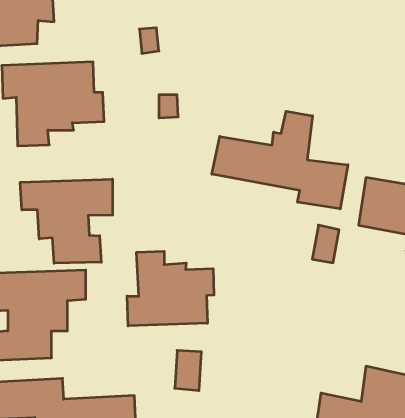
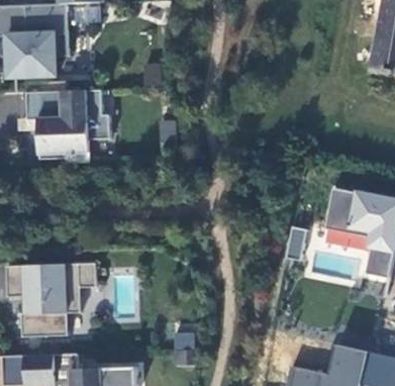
building: [212,111,348,209] -> none
building: [20,179,113,263] -> none
building: [127,251,214,326] -> none

